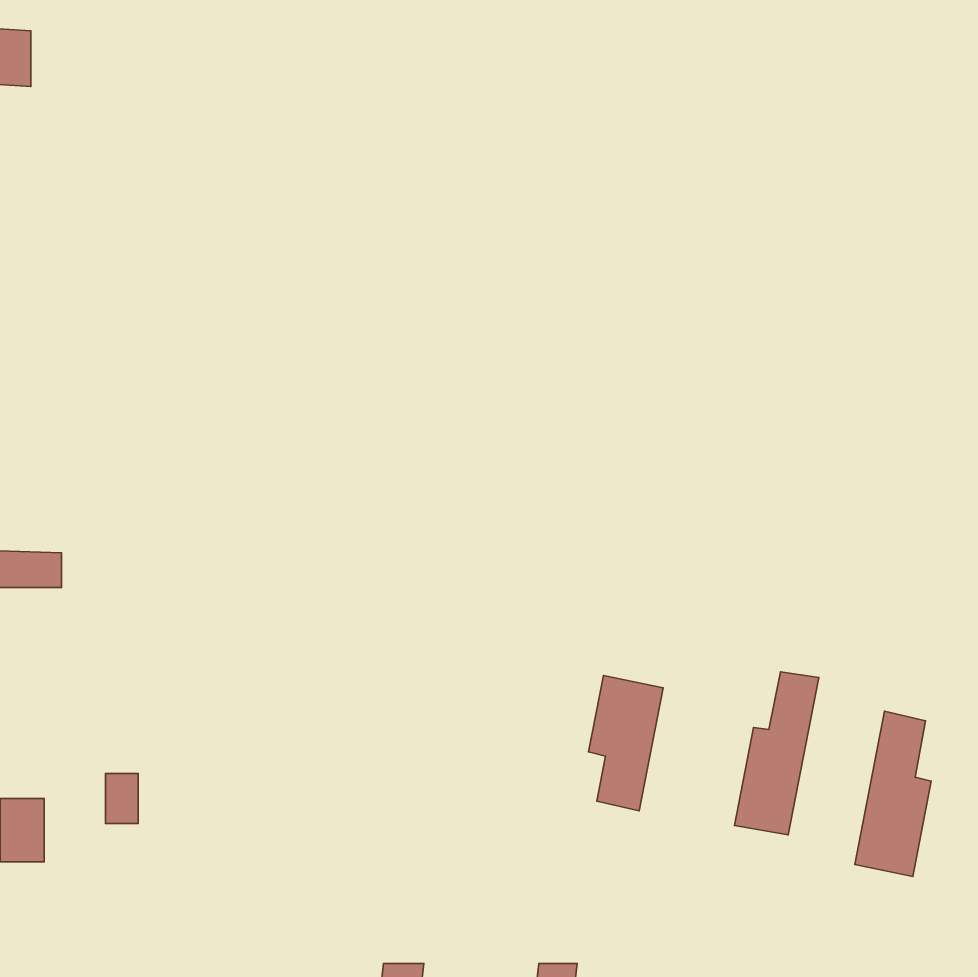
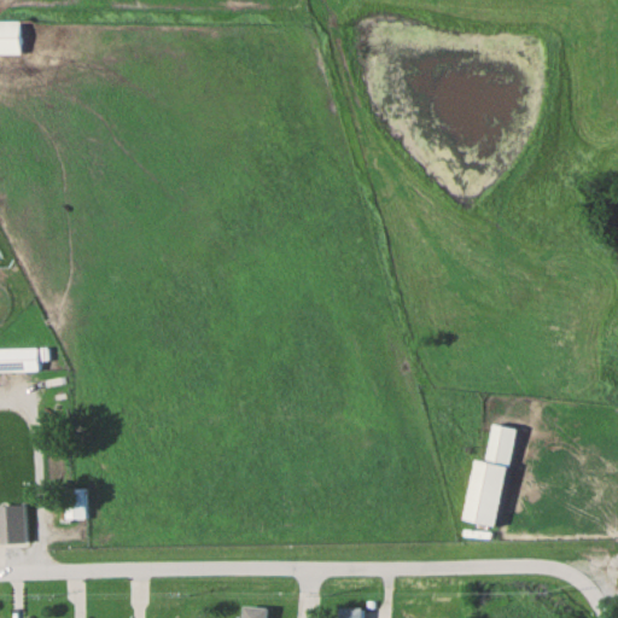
building: [589,675,663,811] -> none
building: [855,711,931,877] -> none

